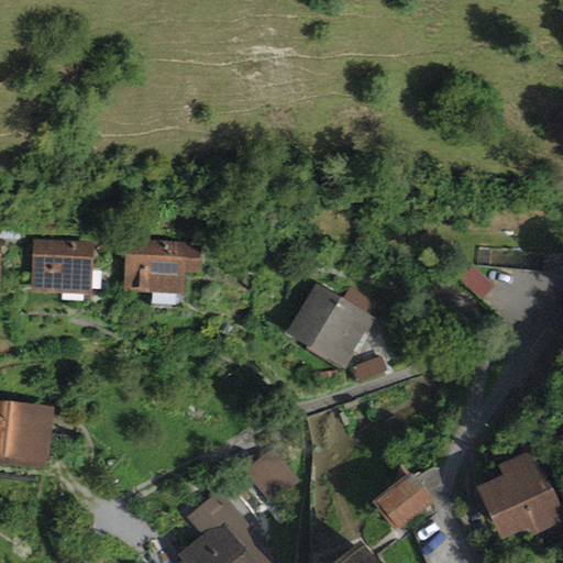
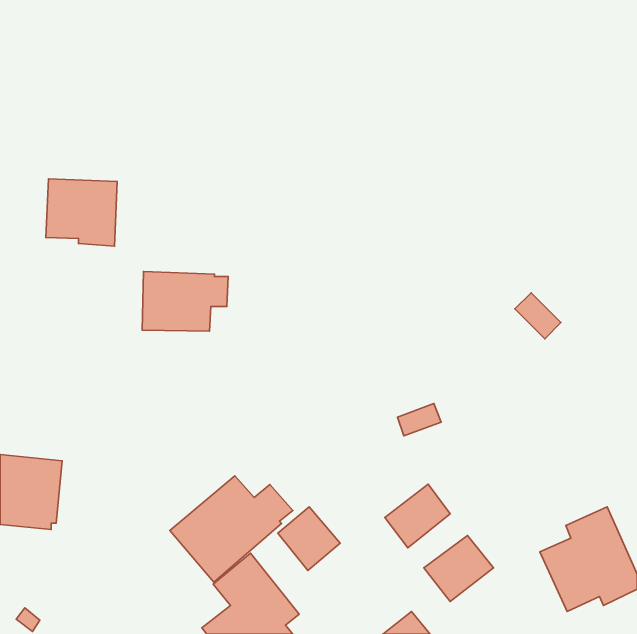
building: [32,239,95,298] -> [46,179,117,246]
building: [285,282,375,369] -> none
building: none -> [170,476,293,582]
building: none -> [385,484,450,548]

